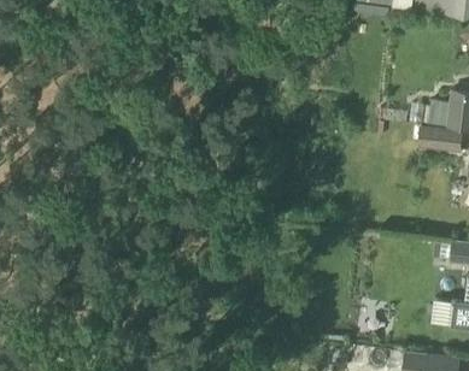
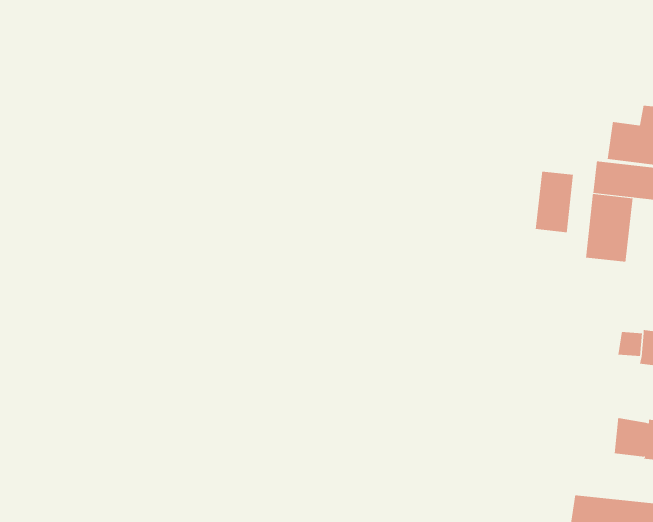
building: none -> [535,171,574,233]
building: none -> [585,193,633,263]

